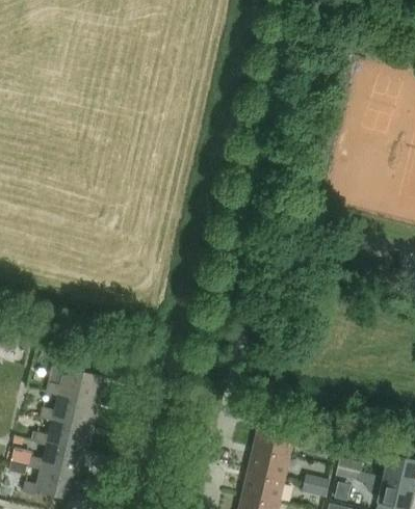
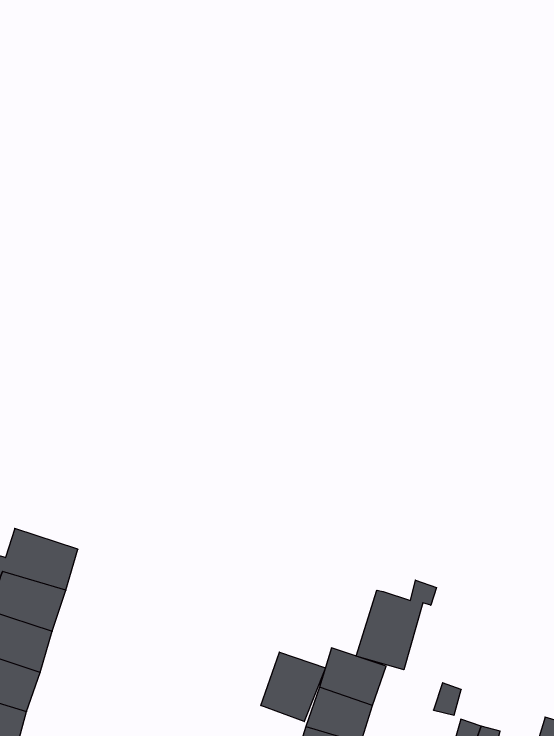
building: none -> [356,580,437,670]
building: none -> [261,652,325,722]

